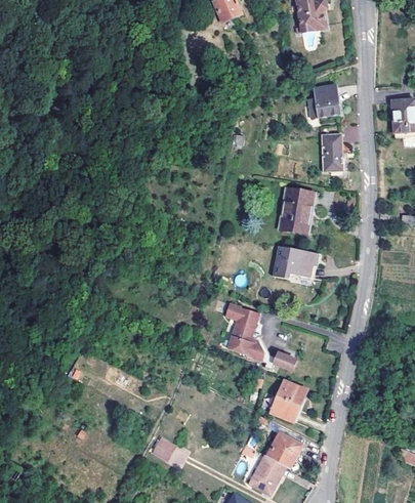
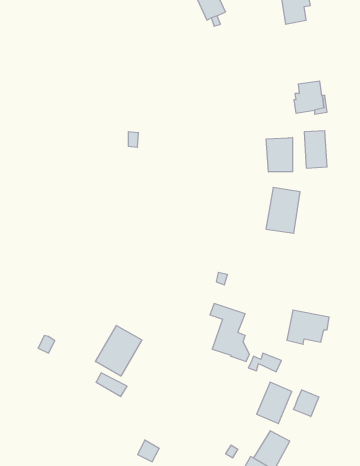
building: none -> [266,137,293,172]
building: [274,247,316,281] -> [287,310,329,344]
building: none -> [95,325,142,376]
building: none -> [294,390,319,417]

